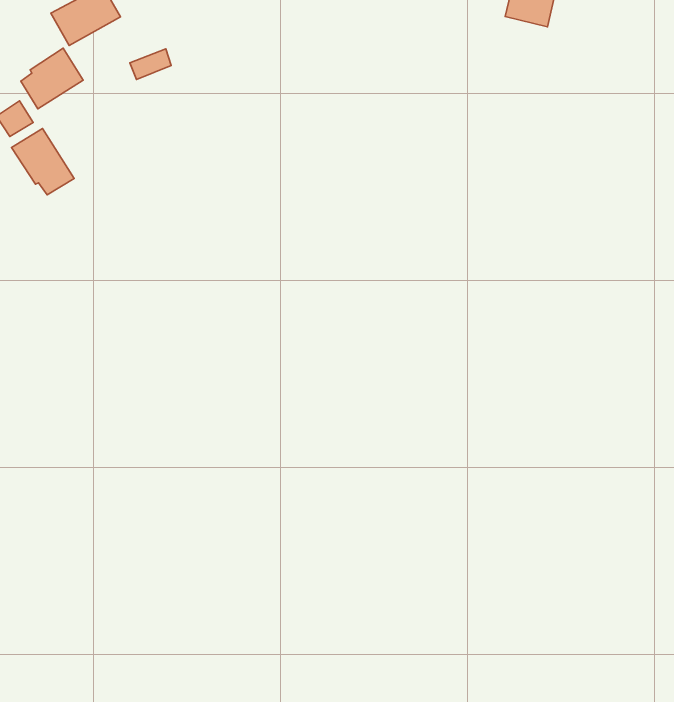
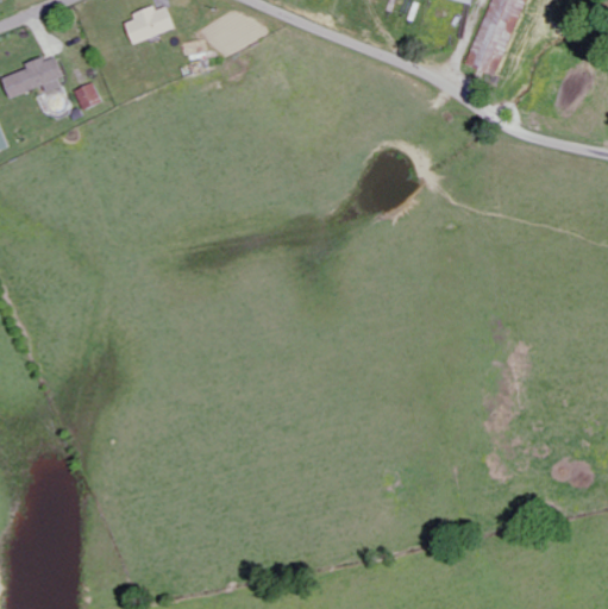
building: [21,48,83,109] -> none
building: [12,128,74,195] -> none

